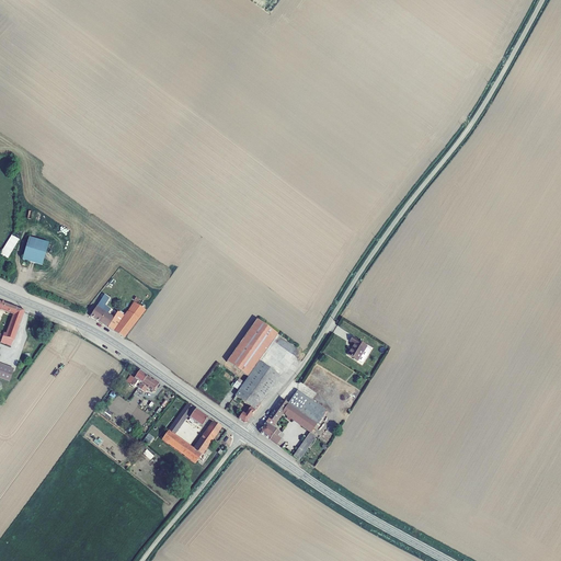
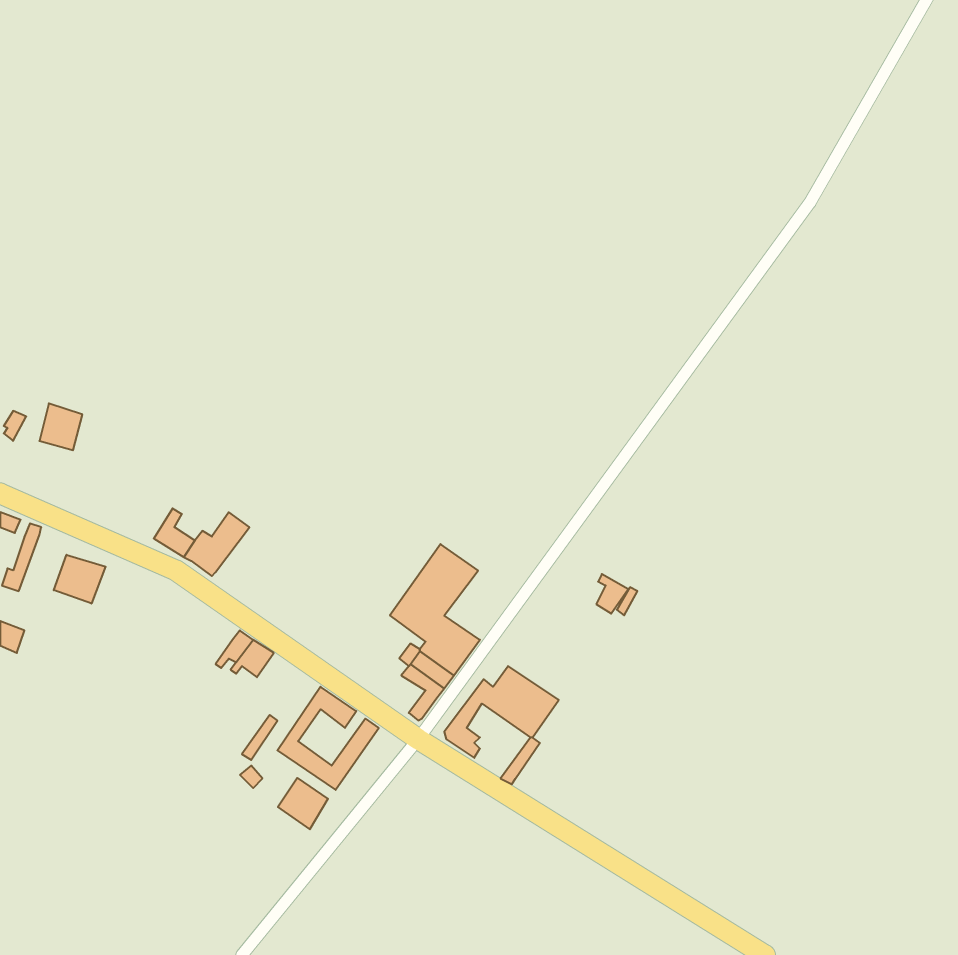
building: none -> [54,555,106,604]
building: none -> [278,778,328,829]

